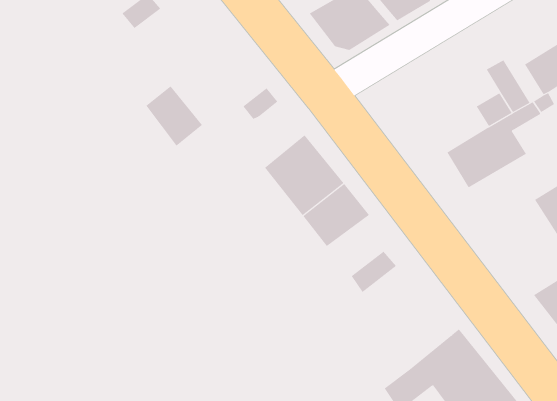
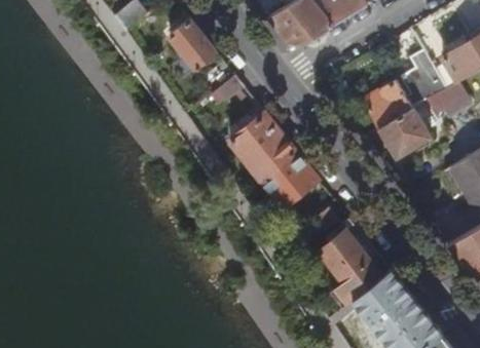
building: [145,85,203,147] -> [169,20,215,69]
building: none -> [368,81,412,128]
building: none -> [319,219,382,303]

